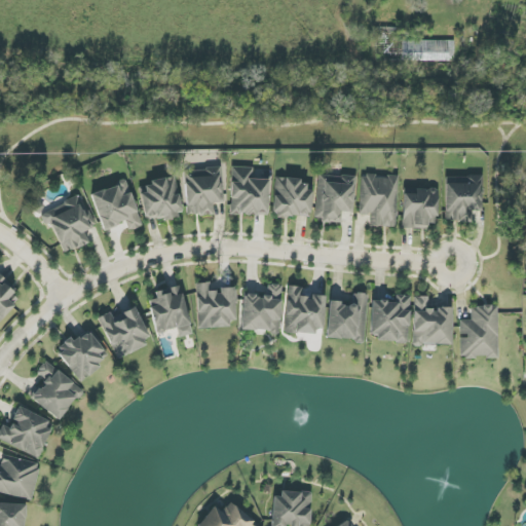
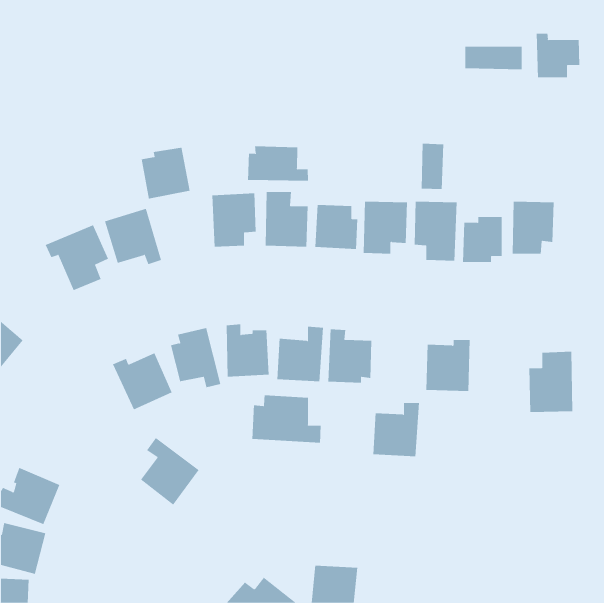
building: none -> [536,33,580,78]
building: none -> [421,143,444,190]
building: none -> [248,146,309,182]
building: [139,176,182,221] -> [141,147,191,199]
building: [326,293,367,340] -> [372,402,420,457]
building: [412,296,451,344] -> none
building: [54,330,110,381] -> none
building: none -> [252,394,321,443]
building: [31,361,82,420] -> [140,437,199,506]

